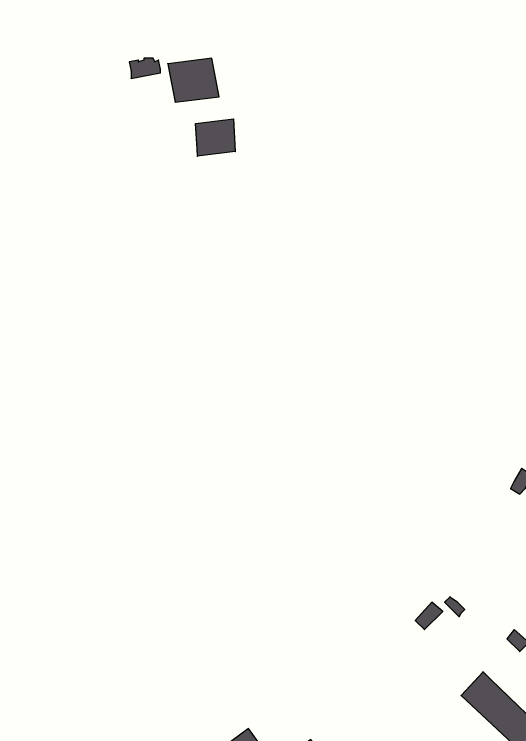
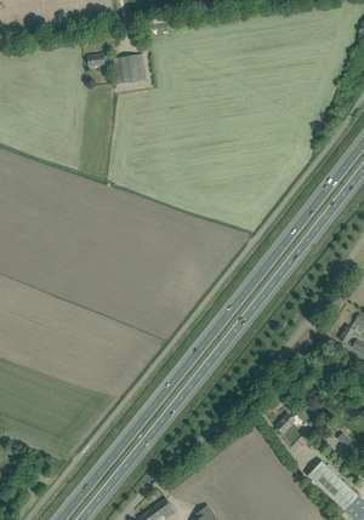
building: [196,119,235,156] -> none

